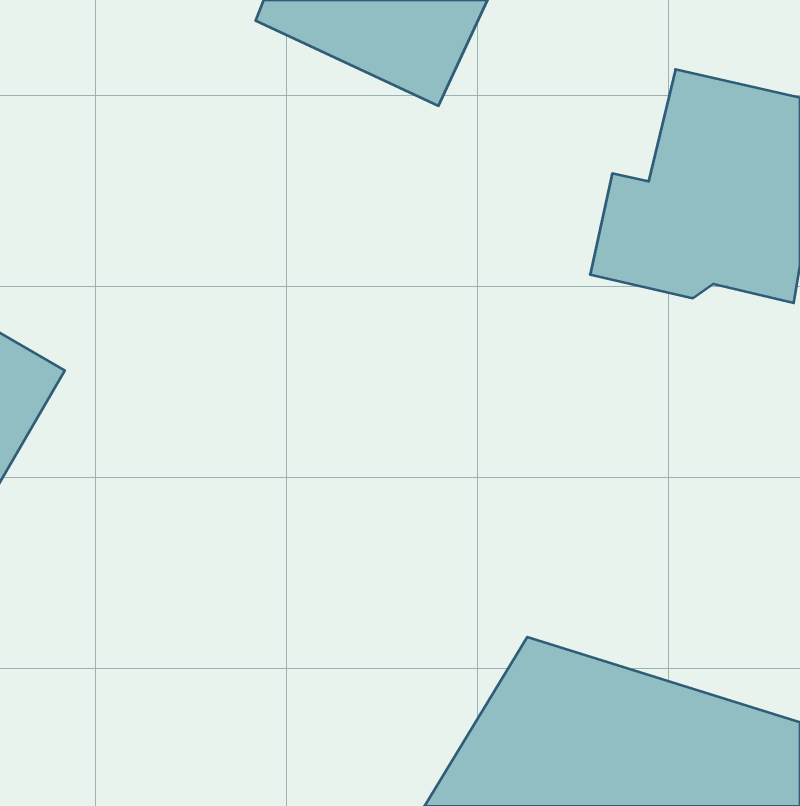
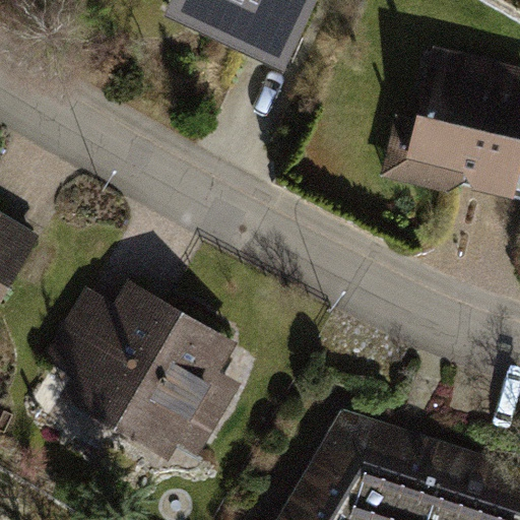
building: none -> [54,286,256,458]

